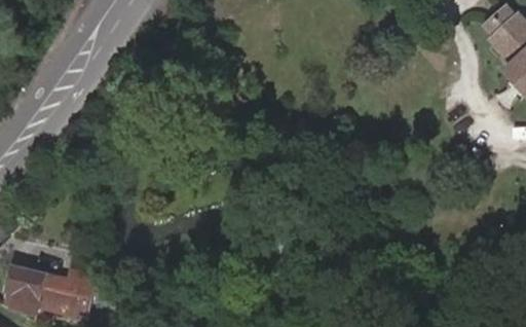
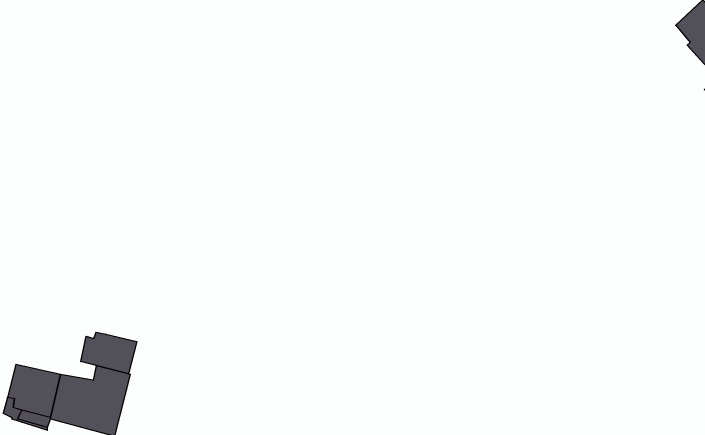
building: none -> [81,332,137,374]

